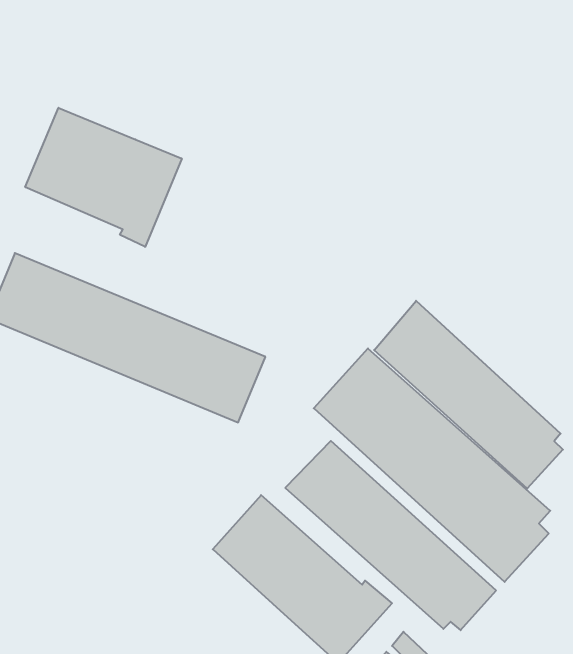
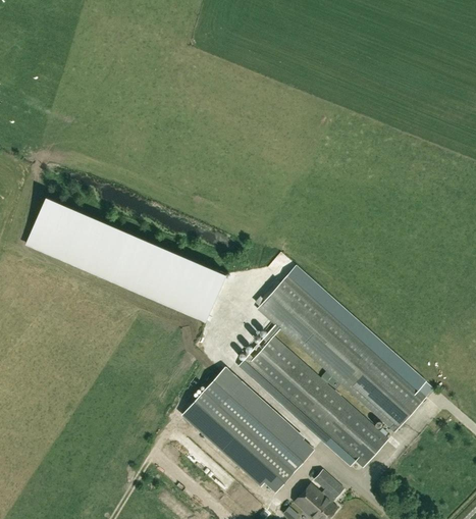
building: [25,108,182,247] -> none
building: [374,301,563,489] -> none

